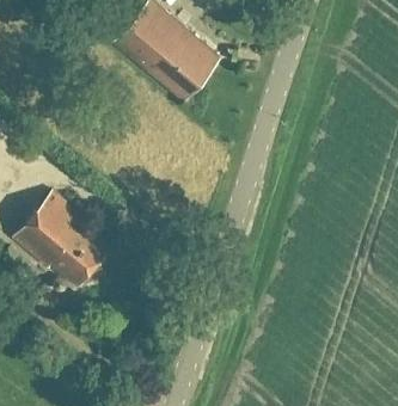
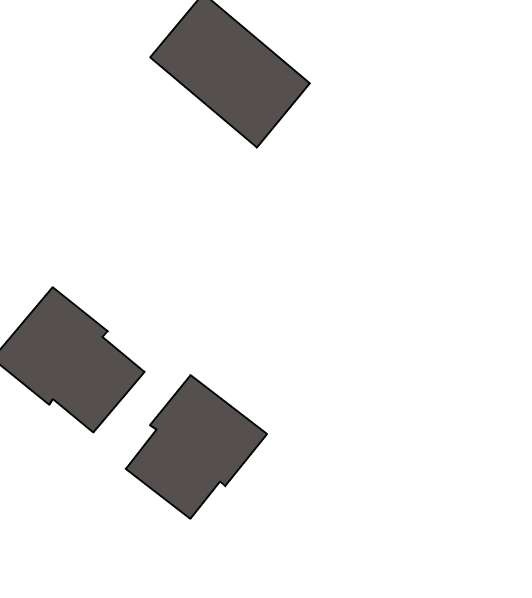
building: none -> [126,375,267,519]

